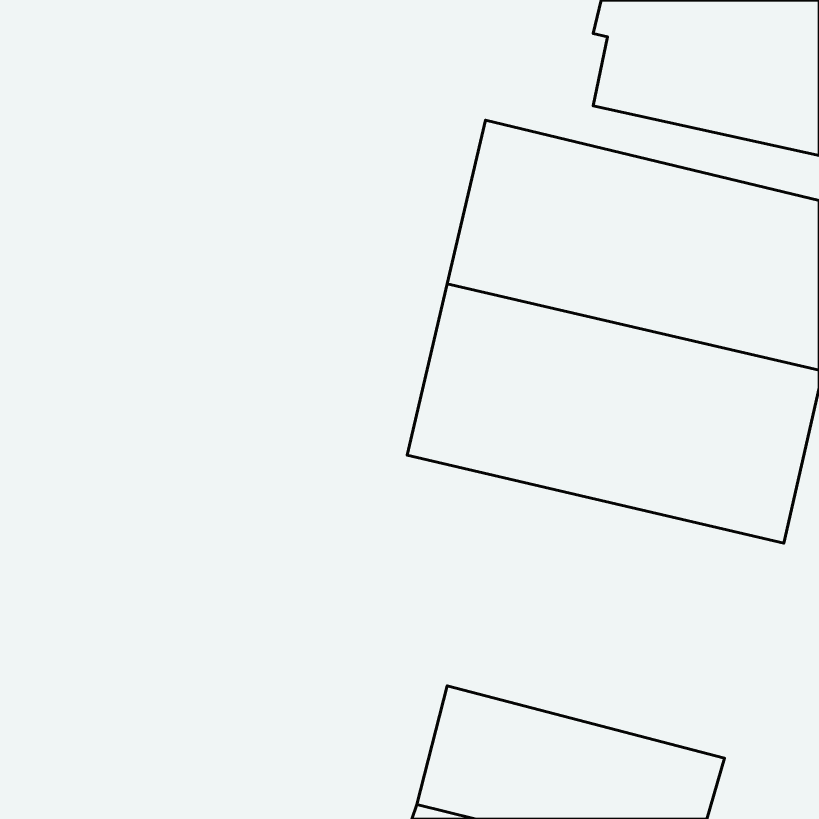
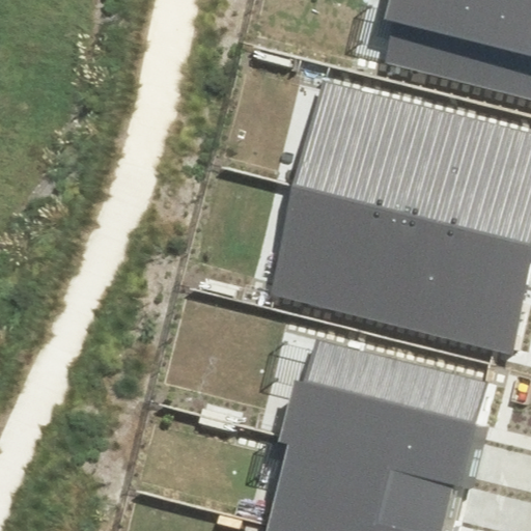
building: none -> [279,337,498,491]

